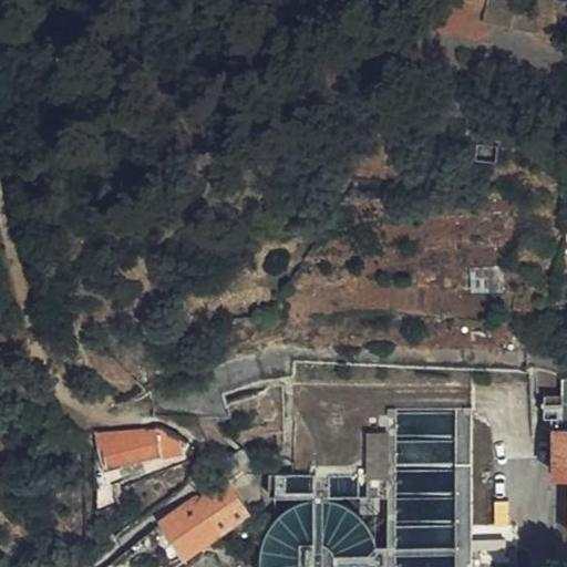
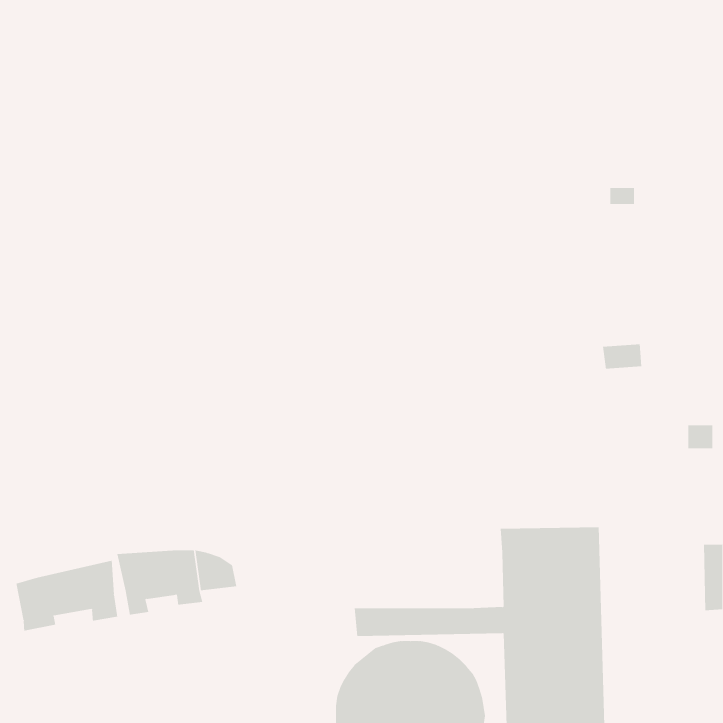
building: [368,433,392,476] -> none
building: none -> [16,560,118,632]
building: [158,480,257,560] -> none

